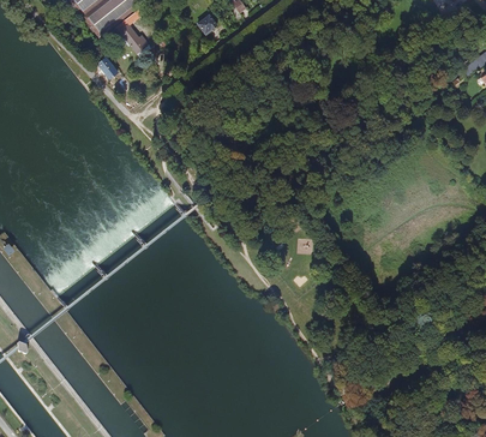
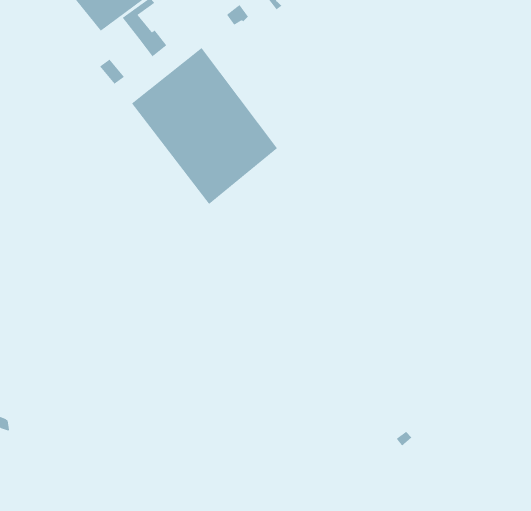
building: none -> [131,47,278,205]

